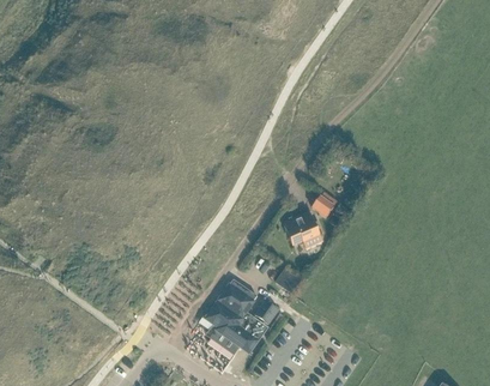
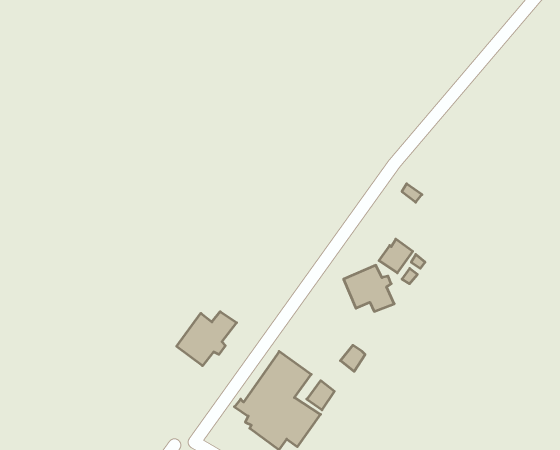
building: none -> [177,312,237,366]

